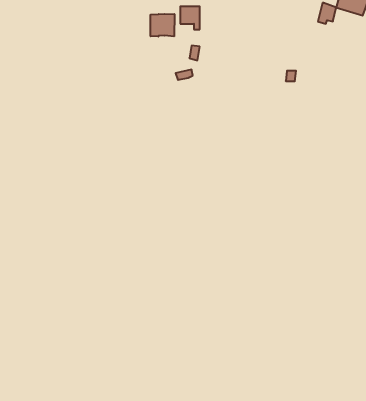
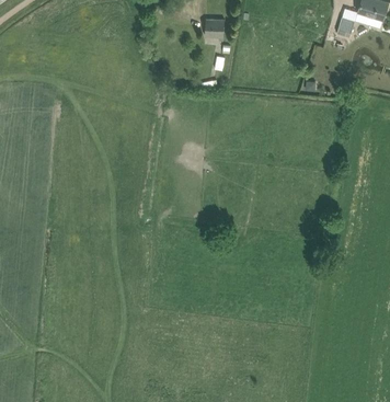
building: [151,14,174,37] -> none

